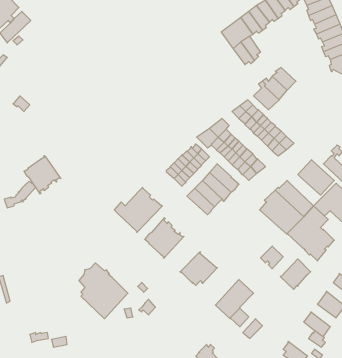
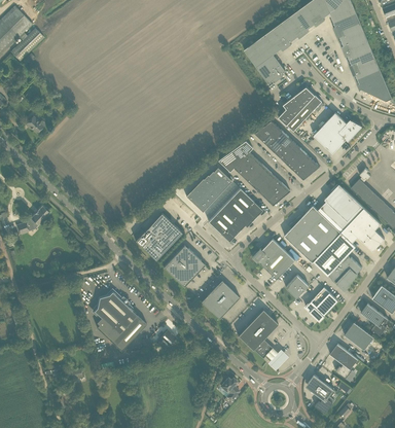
building: none -> [314,113,362,154]
building: [24,156,61,194] -> none
building: none -> [318,202,364,233]
building: none -> [252,239,295,280]

